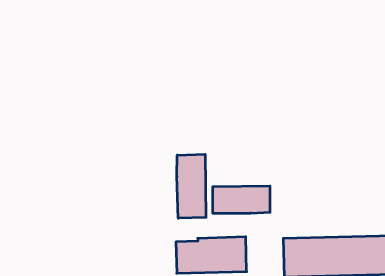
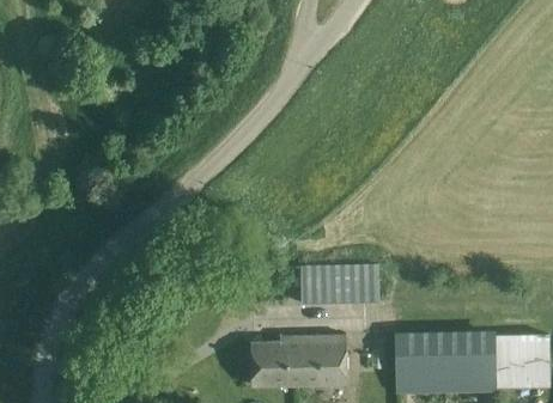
building: [177,154,206,218] -> none

